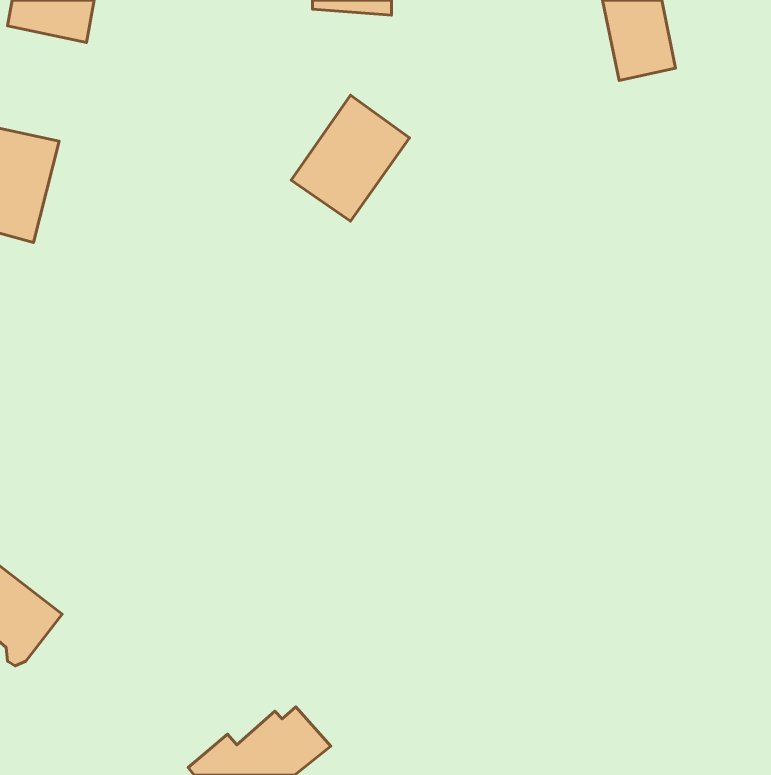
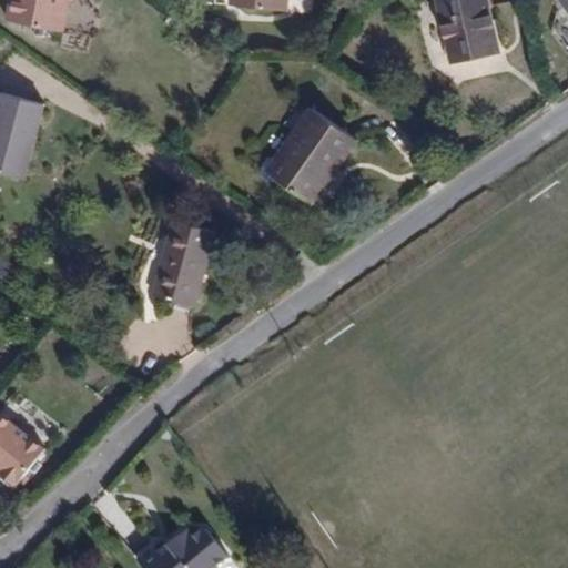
building: [291,95,410,221] -> [266,109,353,201]
building: none -> [153,223,214,306]

